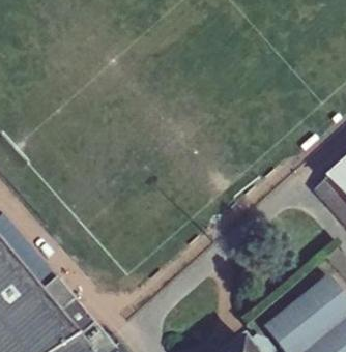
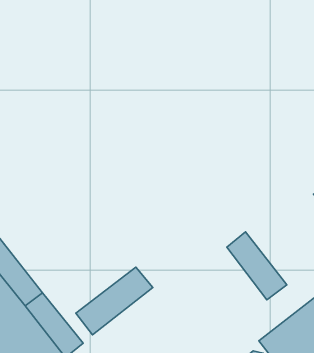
building: none -> [227,232,287,300]
building: none -> [76,267,153,335]

